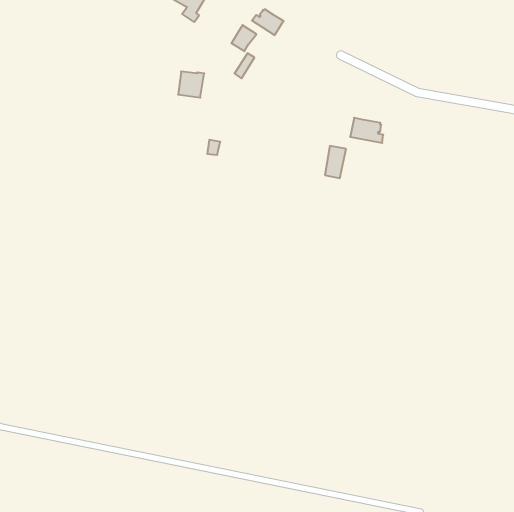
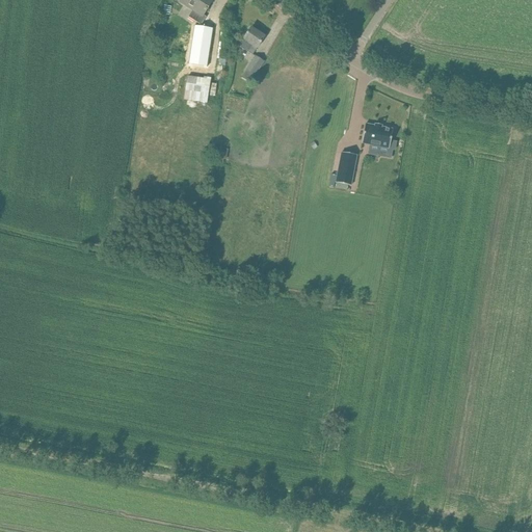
building: [252,9,283,35] -> none
building: none -> [188,24,213,65]

